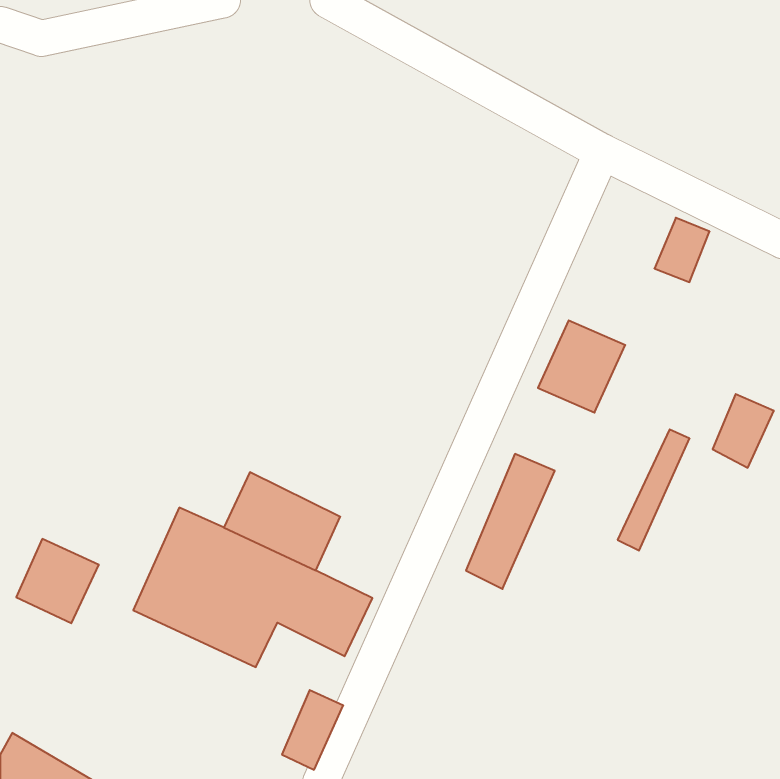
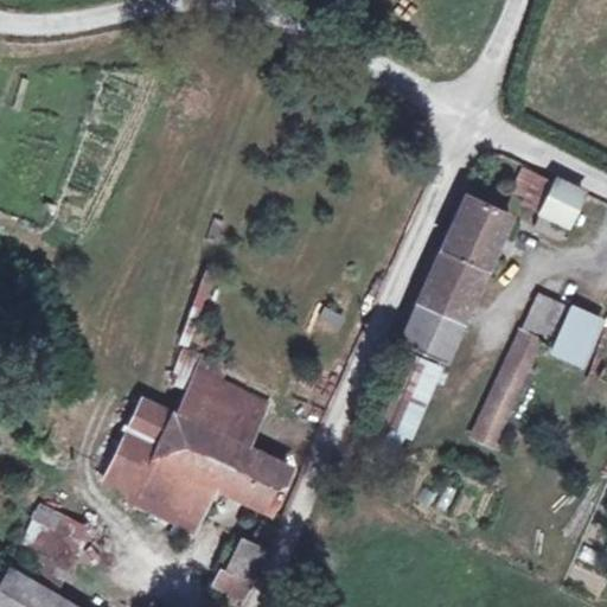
building: none -> [544,179,587,224]
building: none -> [442,198,510,270]
building: none -> [520,294,571,351]
building: none -> [401,304,462,362]
building: [16,539,99,623] -> [25,507,89,573]

